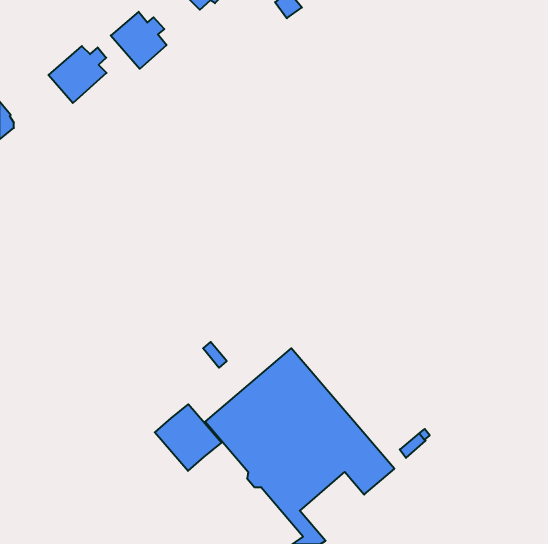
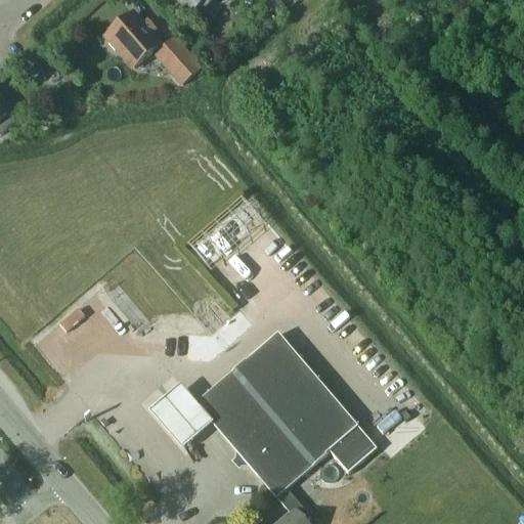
building: none -> [152,34,202,85]
building: [48,46,107,103] -> none

